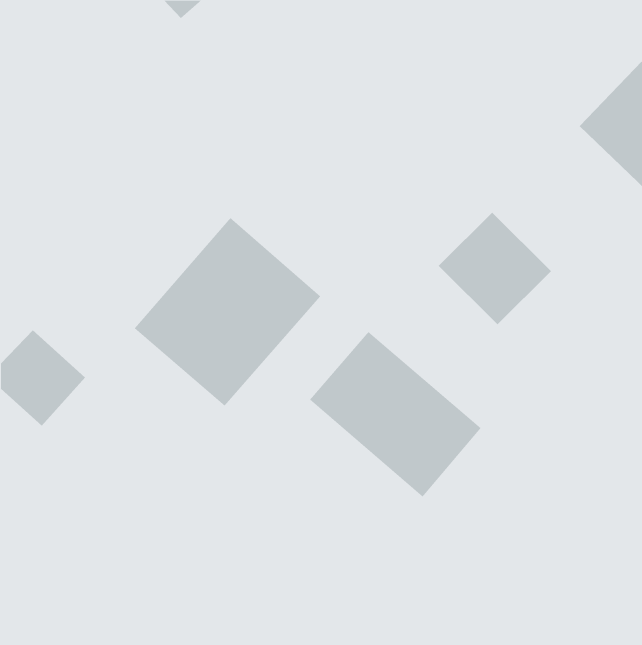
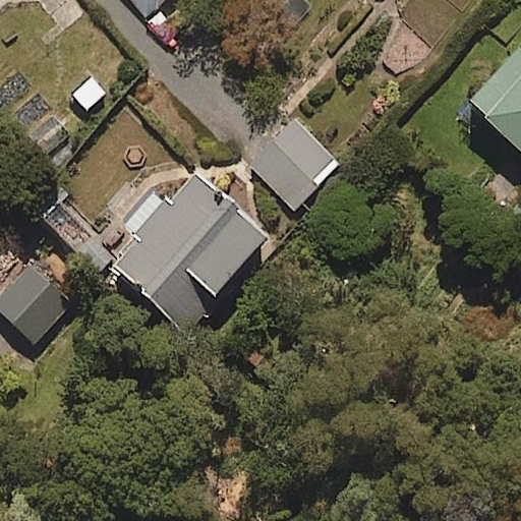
building: [438,212,552,325] -> [248,117,340,209]
building: [309,331,482,498] -> none

